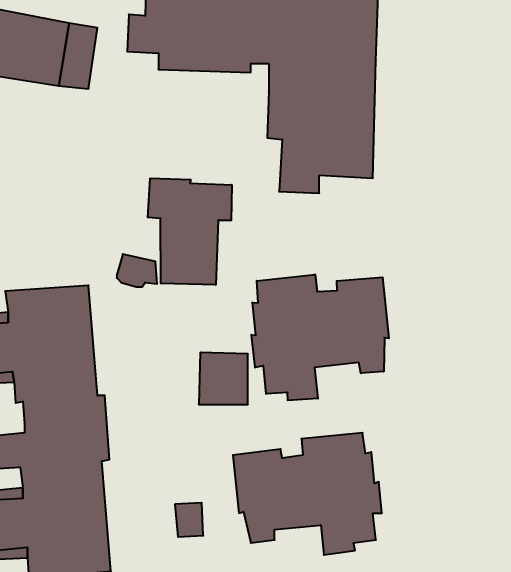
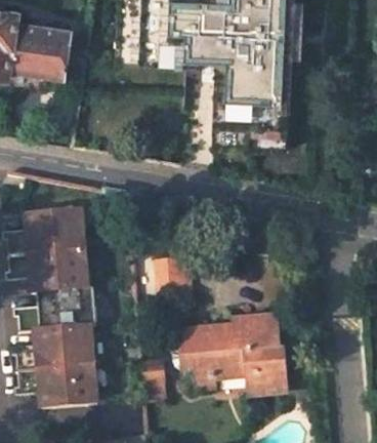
building: [148,178,232,285] -> none
building: [251,274,389,400] -> none

